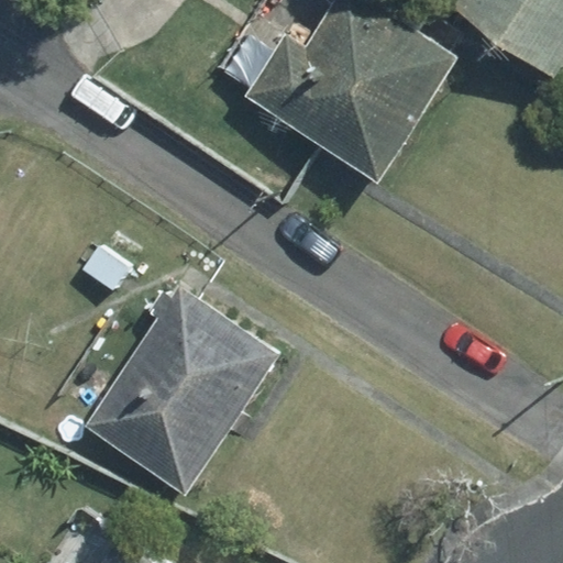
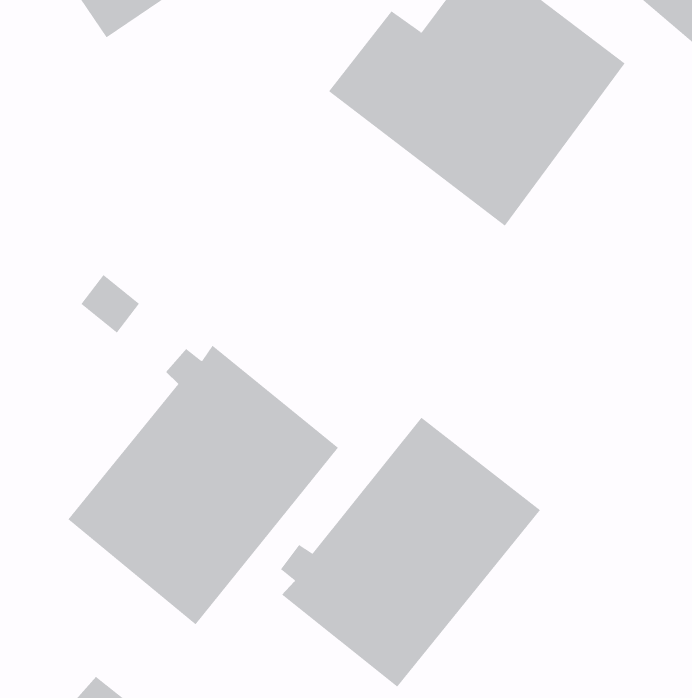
building: none -> [280,417,541,688]

